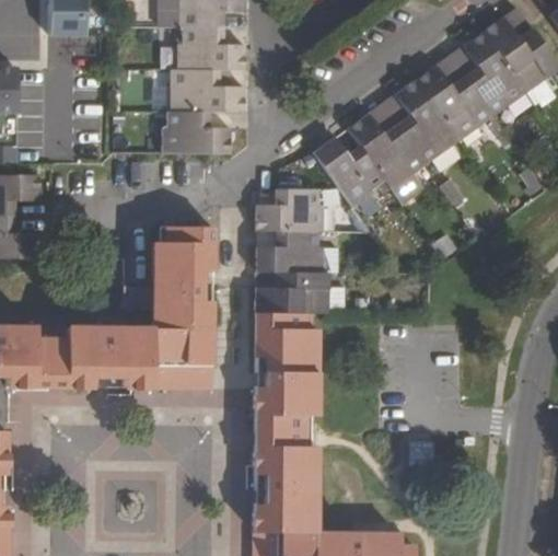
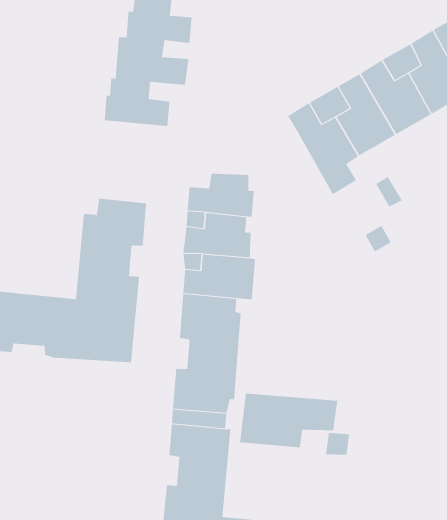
building: [313,139,382,207] -> none
building: none -> [240,393,338,448]

